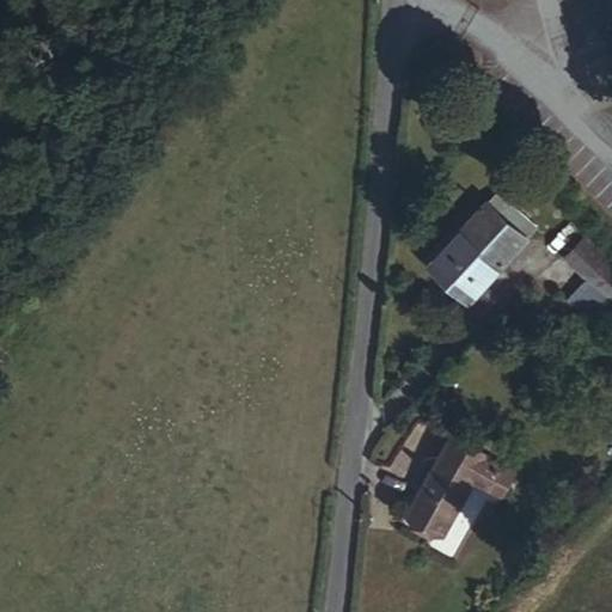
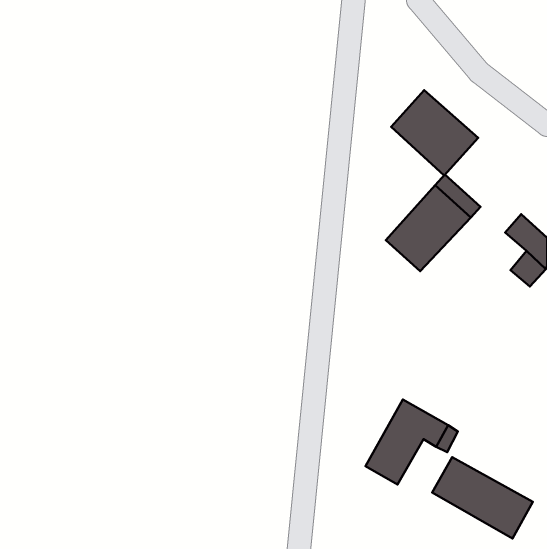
building: none -> [391,90,478,175]
building: none -> [432,457,533,538]

